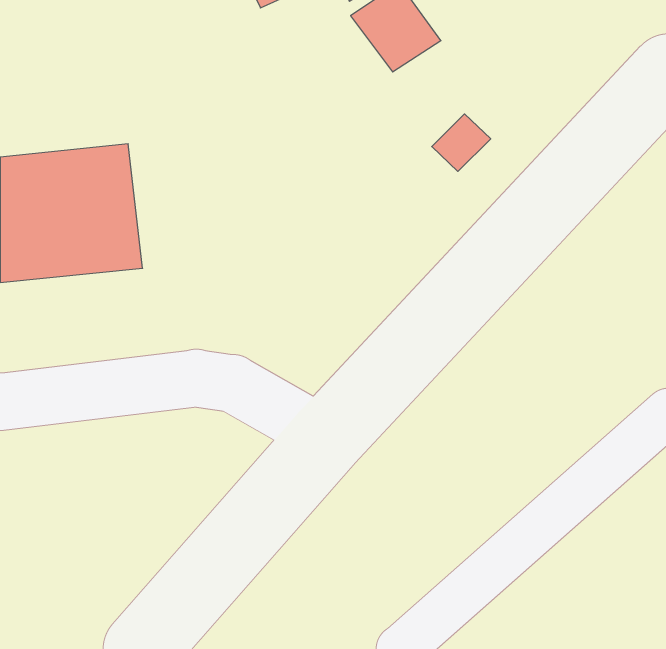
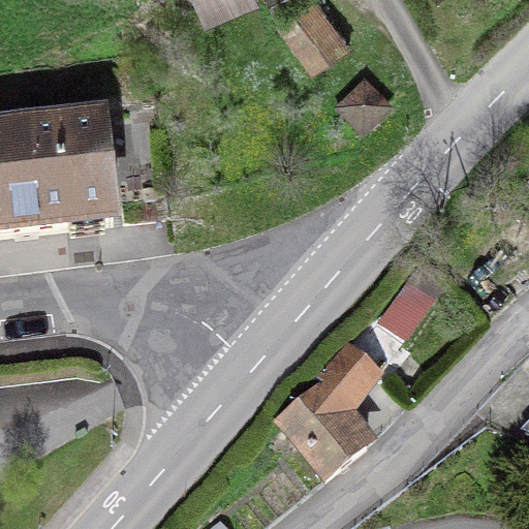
building: none -> [280,341,377,469]

